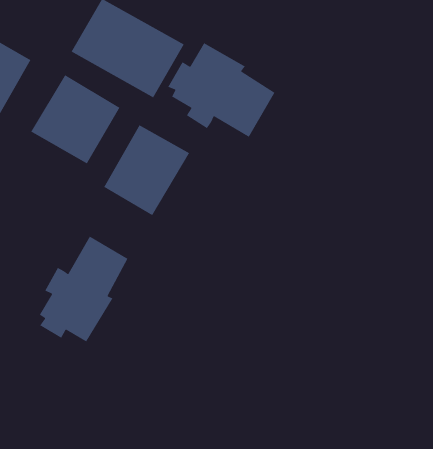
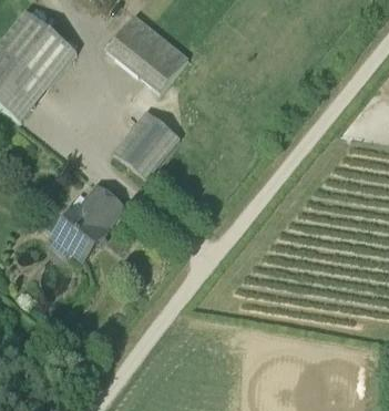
building: [167,42,276,138] -> none
building: [30,74,120,164] -> none

